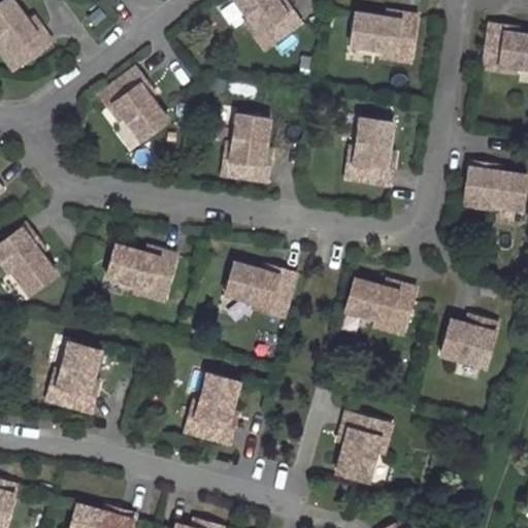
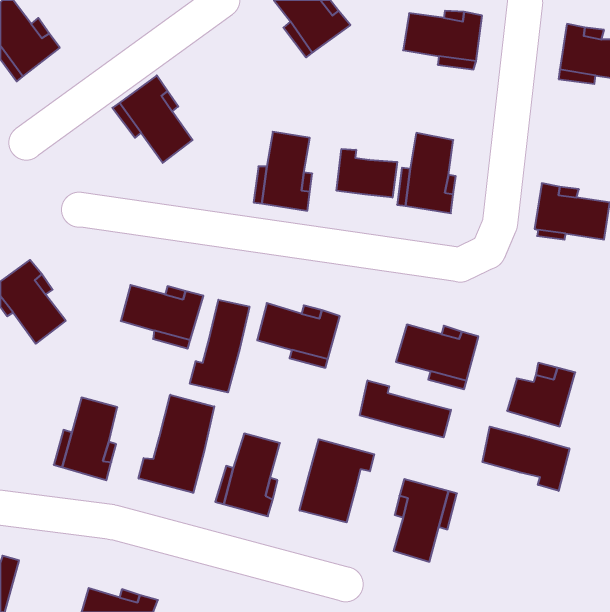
building: none -> [337,149,397,198]
building: none -> [190,300,249,392]
building: none -> [360,380,451,437]
building: none -> [139,395,214,493]
building: none -> [482,427,569,491]
building: none -> [300,439,374,522]

